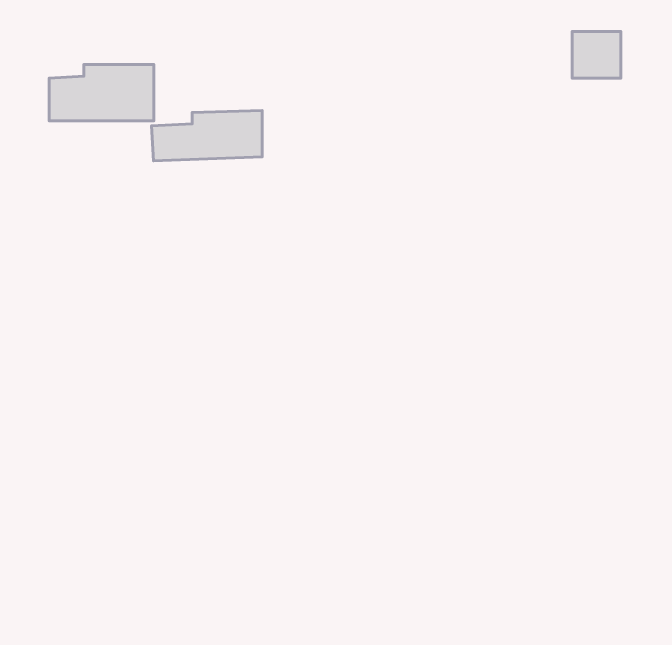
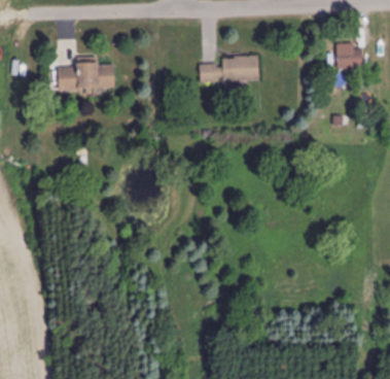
building: [152,110,262,161] -> [200,57,258,83]

